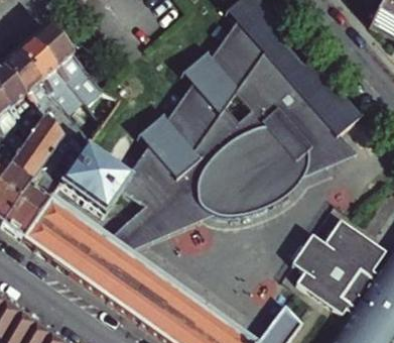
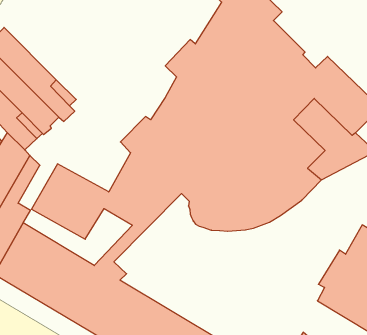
building: [127,179,220,246] -> none

